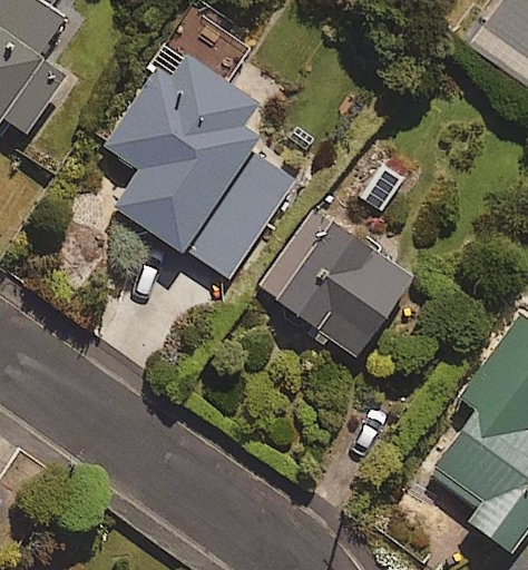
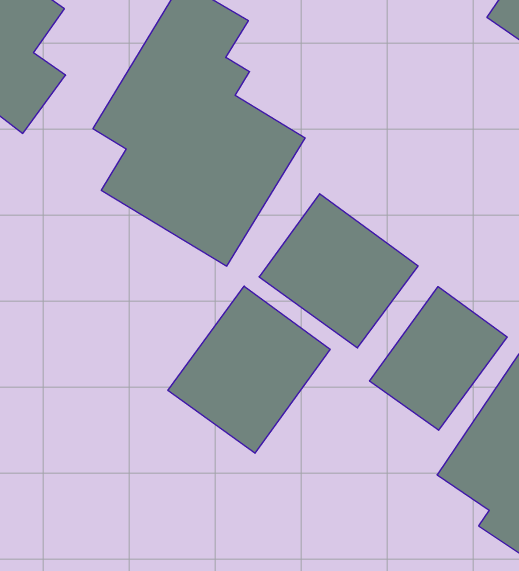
building: none -> [168,286,330,453]
building: none -> [370,287,507,430]

